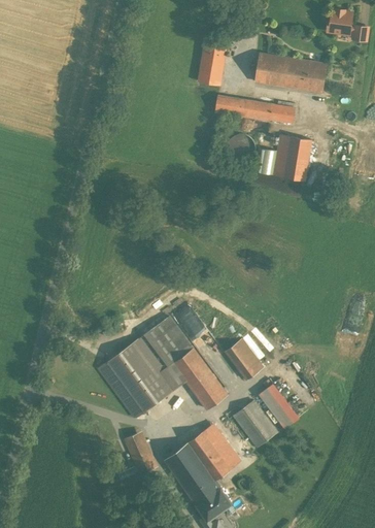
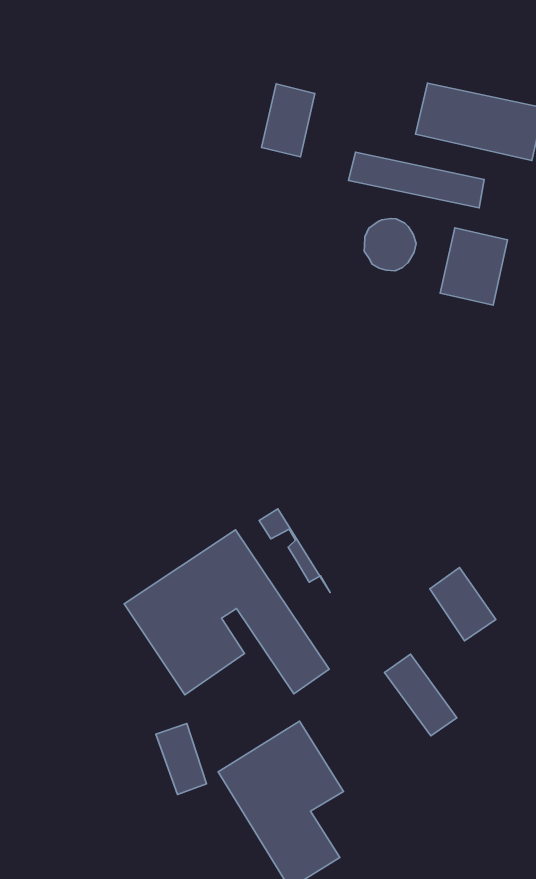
building: [201,38,230,79] -> [262,84,315,157]
building: [226,337,265,380] -> [430,567,496,641]
building: [231,401,278,451] -> none

